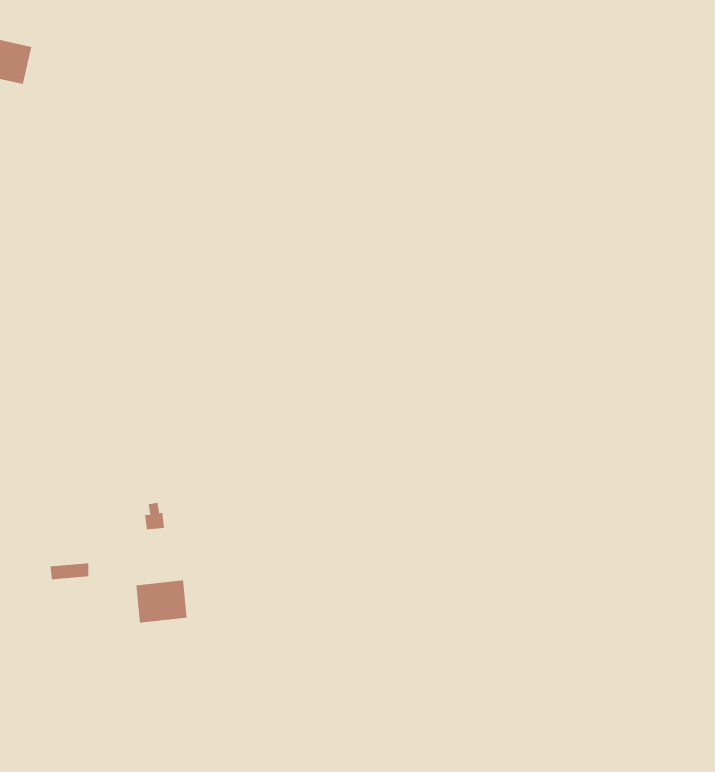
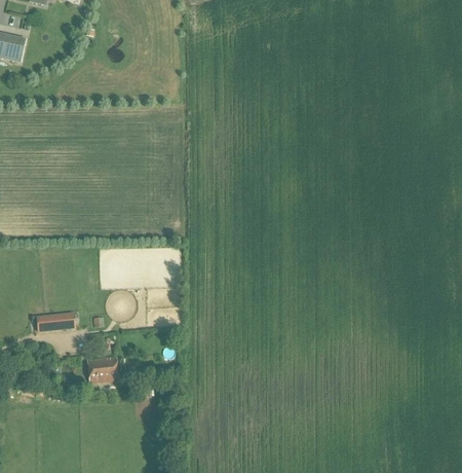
building: none -> [36,312,74,330]

